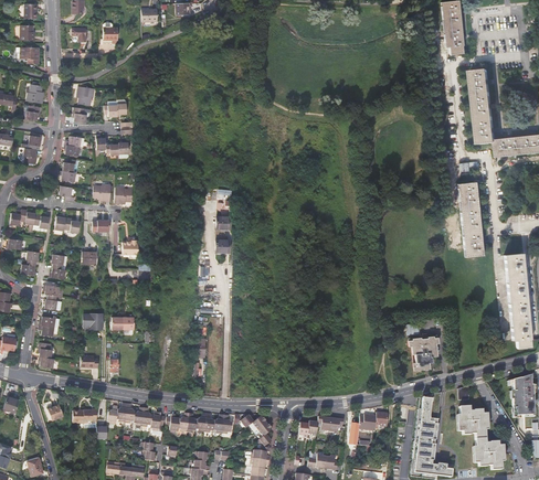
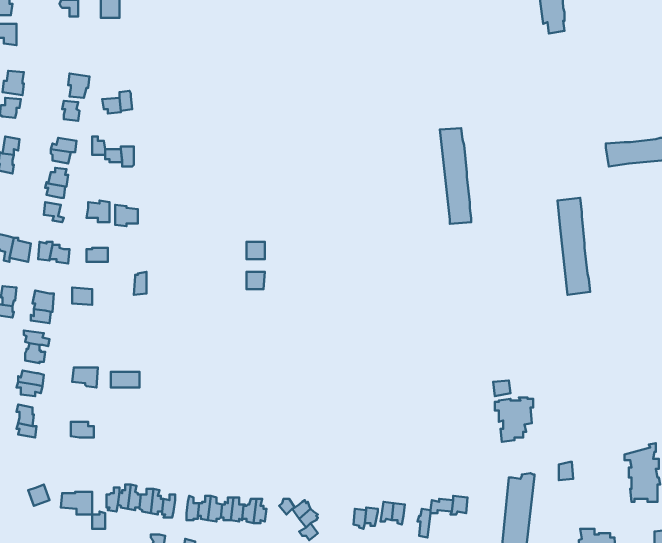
building: [469,70,494,143] -> [440,128,471,224]
building: [504,253,529,346] -> none
building: [457,405,485,437] -> none

